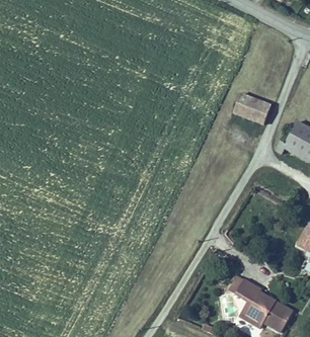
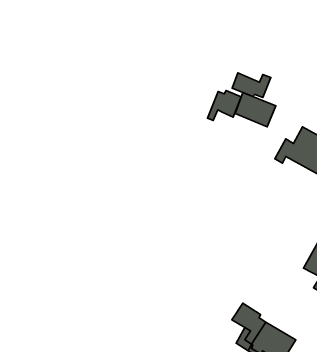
building: none -> [232,73,271,98]
building: none -> [207,91,241,121]

